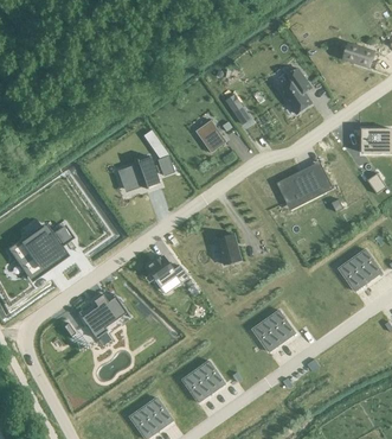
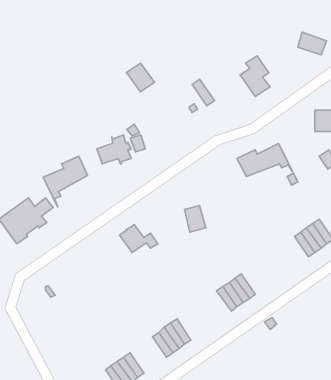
building: [195,120,226,152] -> [127,63,154,92]
building: none -> [43,156,87,207]
building: [79,294,124,338] -> none

